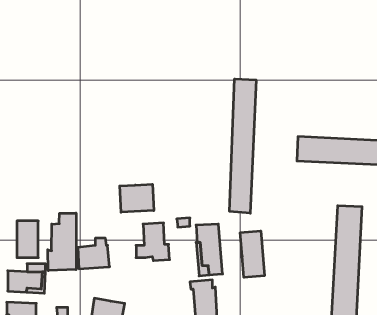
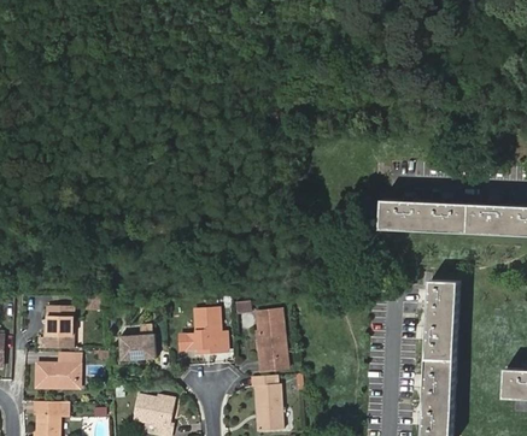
building: [230,79,256,213] -> none
building: [120,184,154,212] -> none
building: [48,213,76,271] -> none
building: [240,231,264,277] -> none

